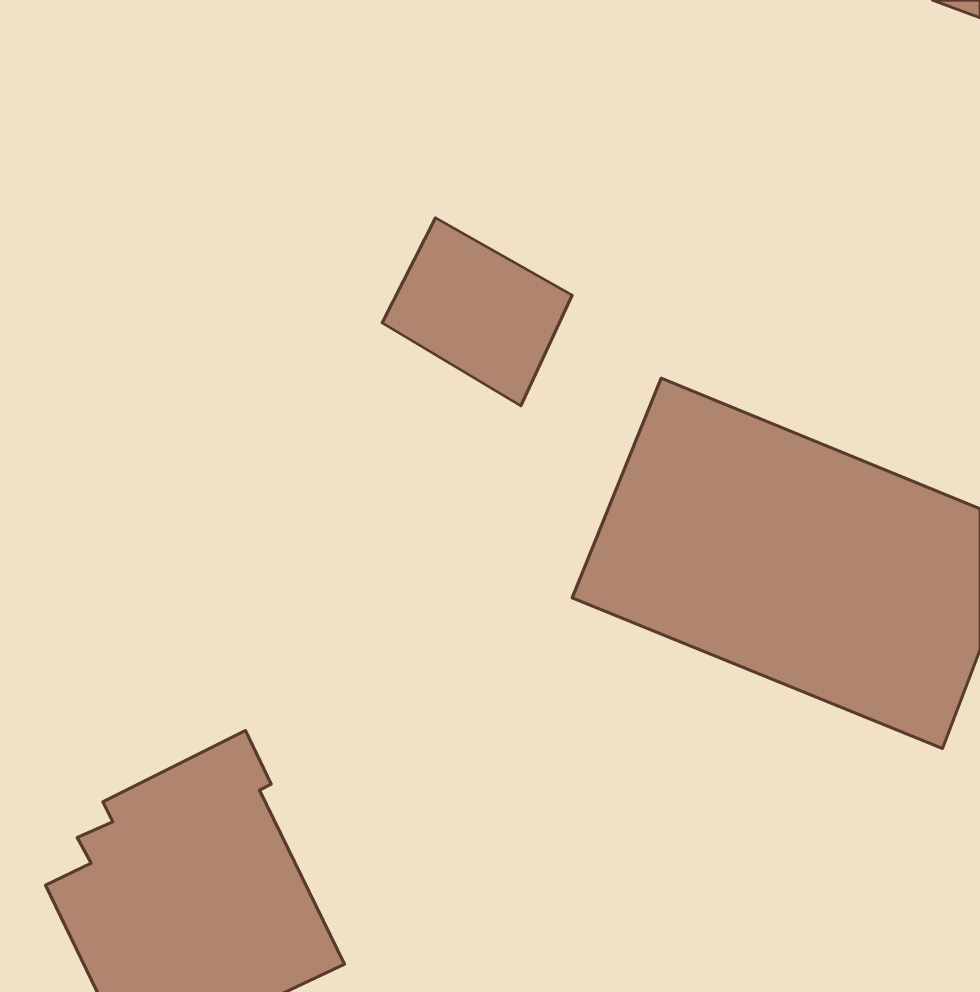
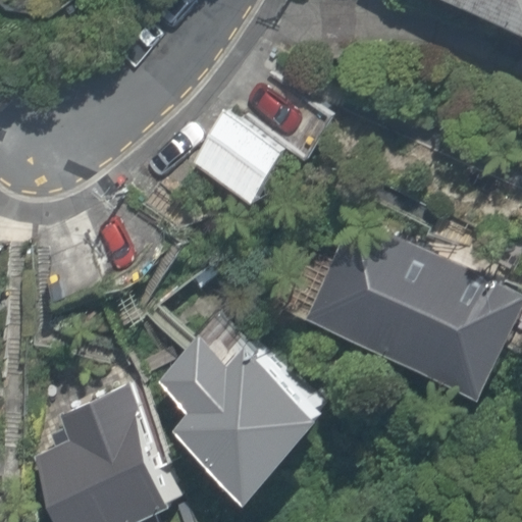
building: none -> [155,336,334,500]

